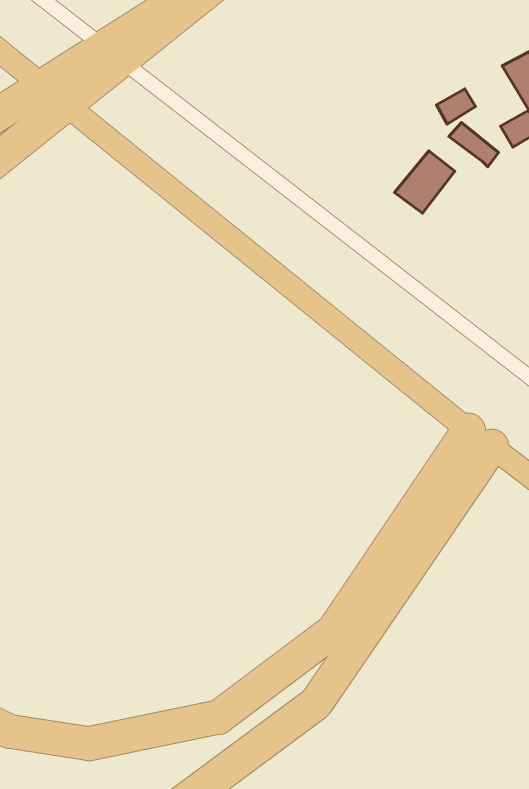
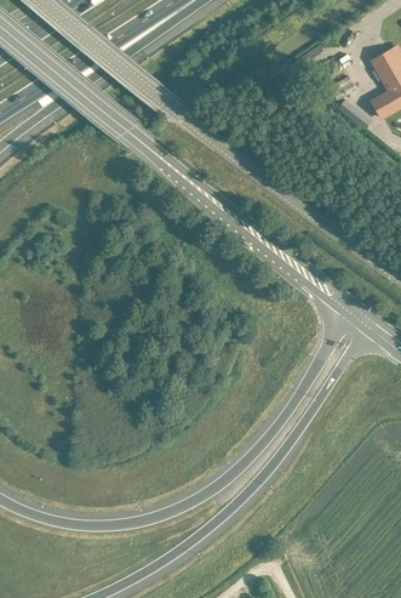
building: [395,151,455,213] -> none

